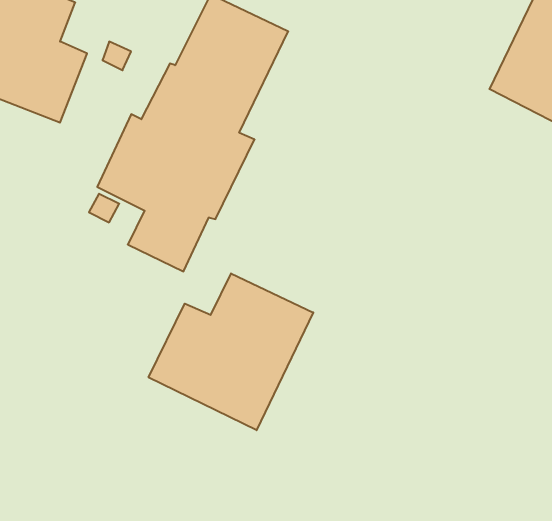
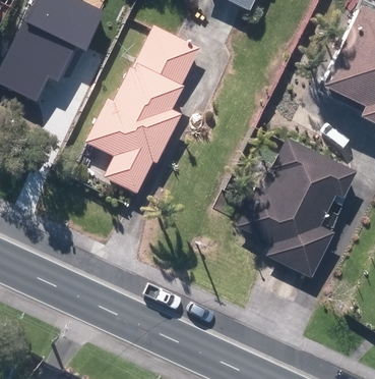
building: none -> [243,139,352,269]
building: [149,273,313,430] -> none

